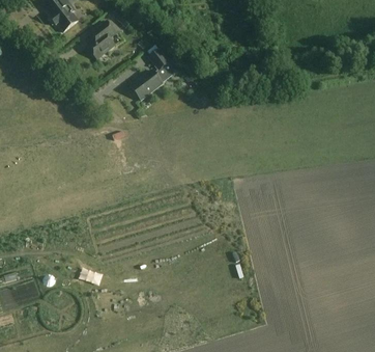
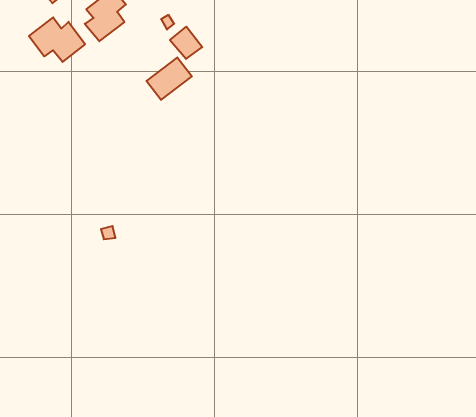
building: none -> [29,17,85,62]

